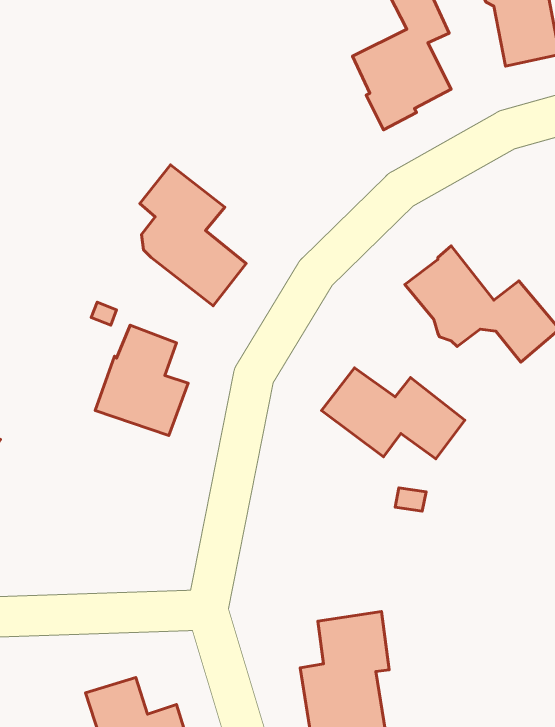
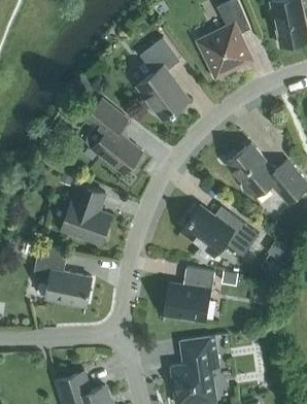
building: none -> [137,37,189,121]
building: none -> [33,244,92,306]
building: none -> [164,267,214,321]

